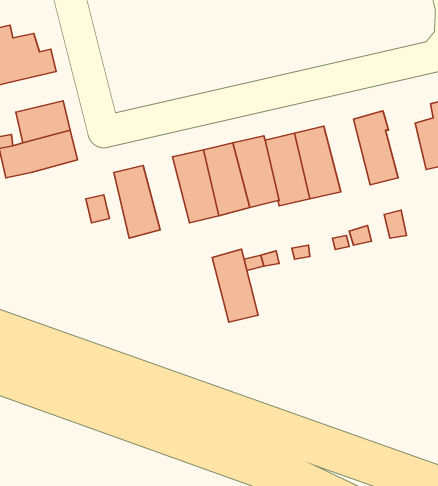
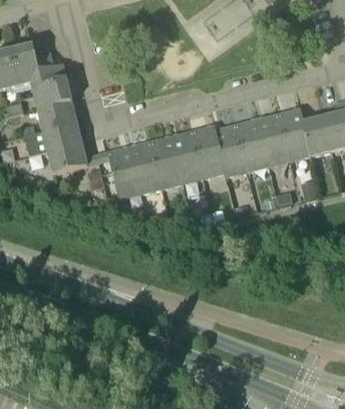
building: none -> [32,79,71,108]
building: none -> [301,108,331,155]
building: none -> [258,113,291,165]
building: none -> [48,142,98,172]
building: [212,249,258,322] -> [128,140,161,192]

